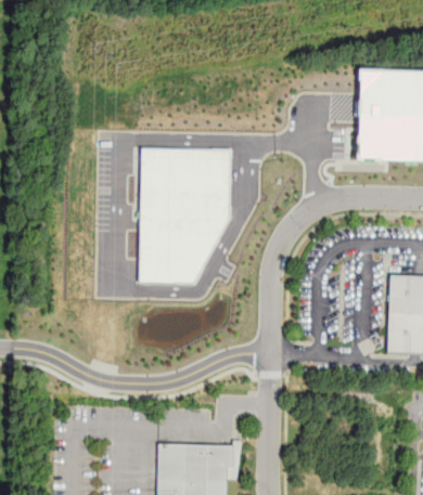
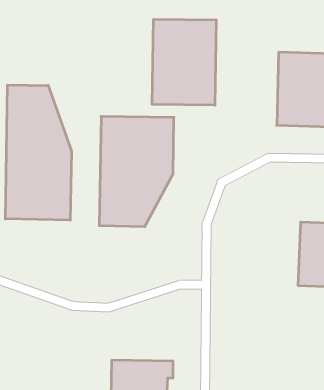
building: none -> [152,19,216,105]
building: none -> [5,85,71,220]

